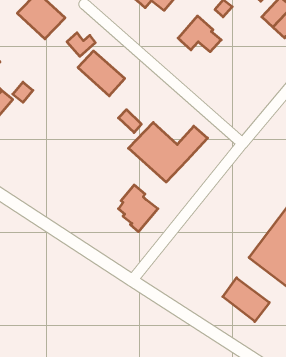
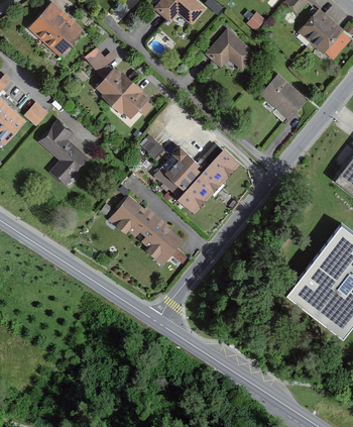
building: none -> [261,75,306,117]
building: none -> [39,120,88,185]
building: none -> [108,195,157,235]
building: [223,278,269,322] -> none

